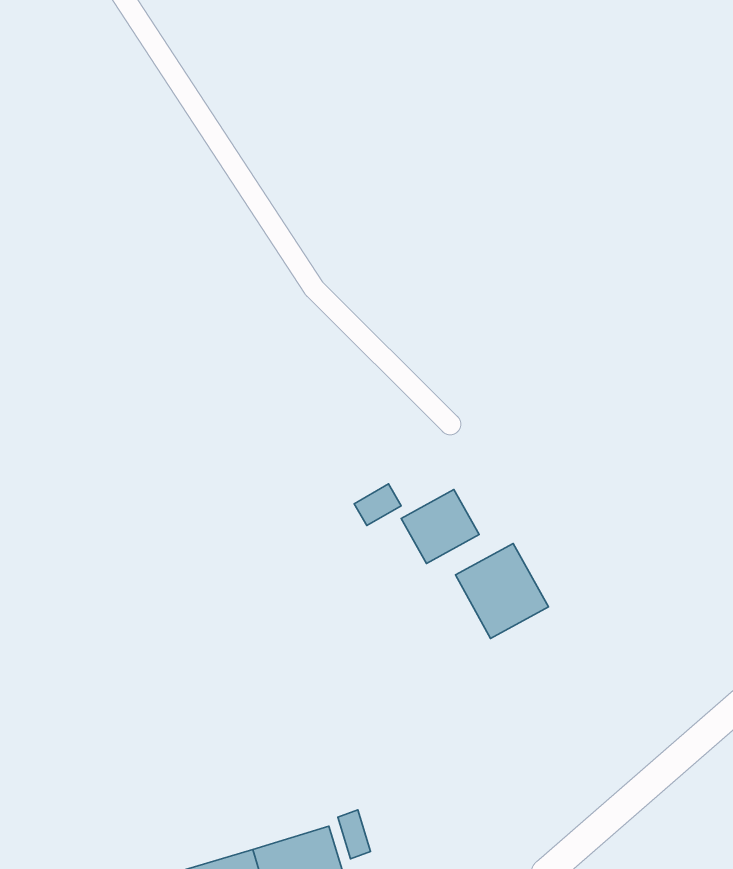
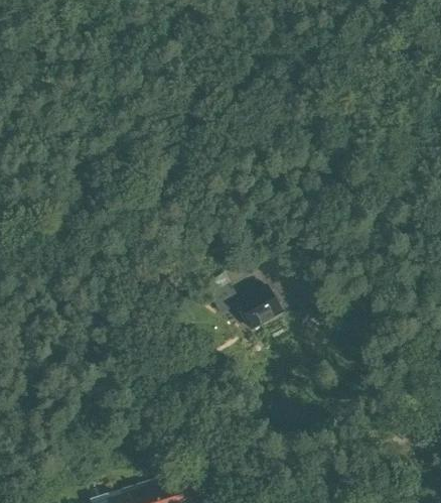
building: [455,543,548,638] -> none

